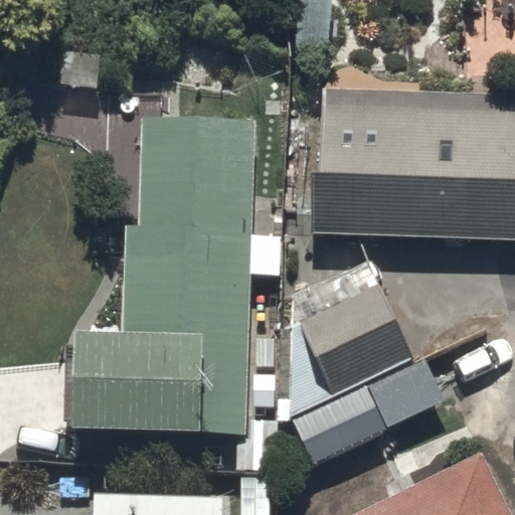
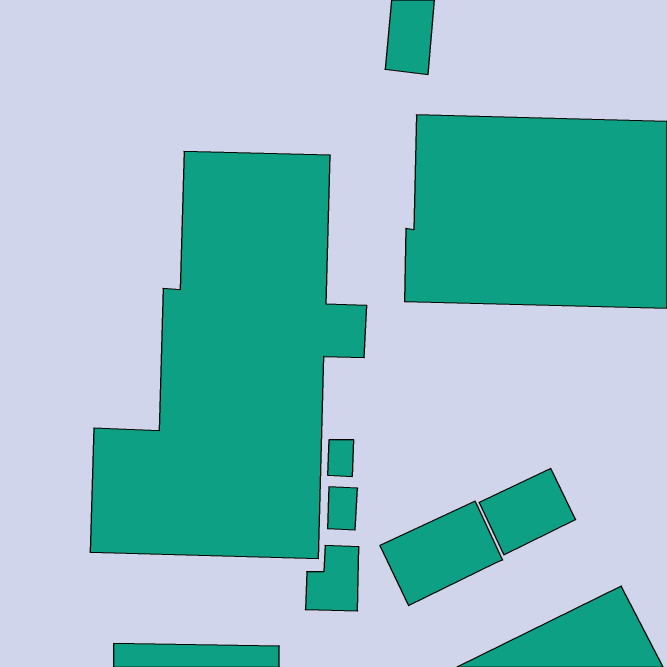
building: [289,284,411,418] -> none

